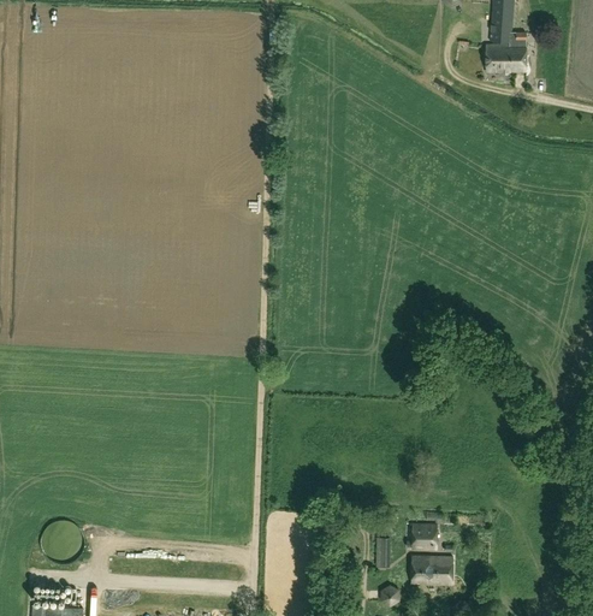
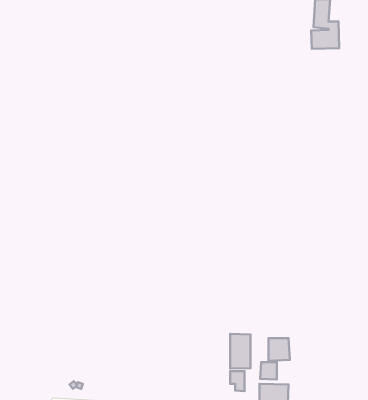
building: none -> [230,334,250,368]
building: none -> [268,338,290,361]

